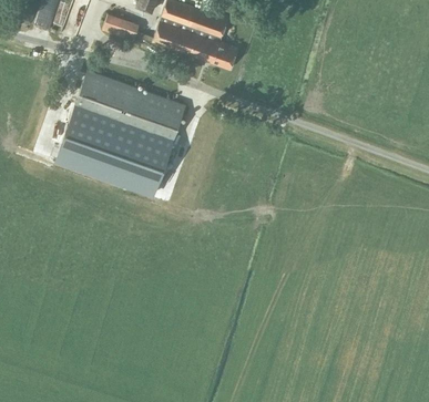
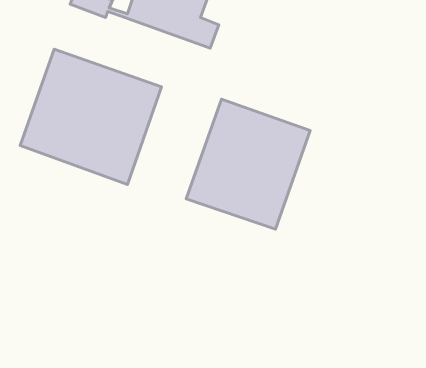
building: none -> [186,99,310,229]

